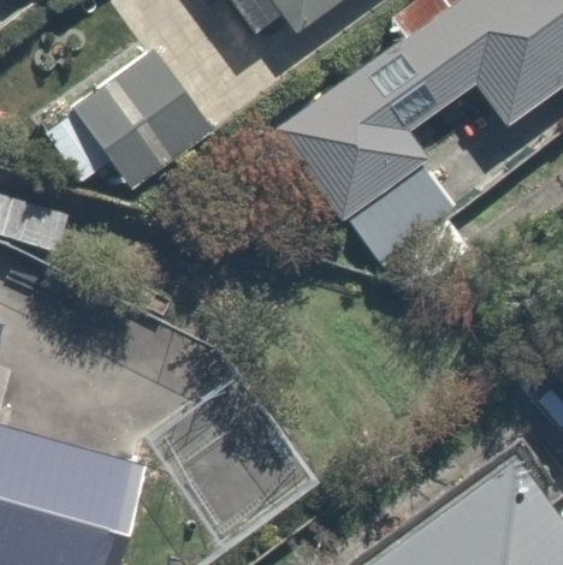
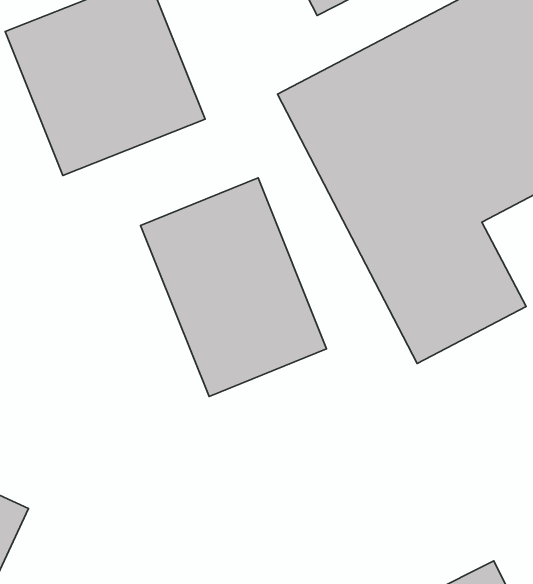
building: none -> [141,178,326,397]

